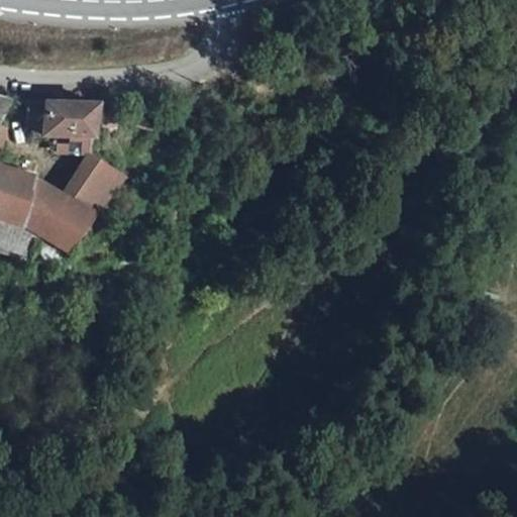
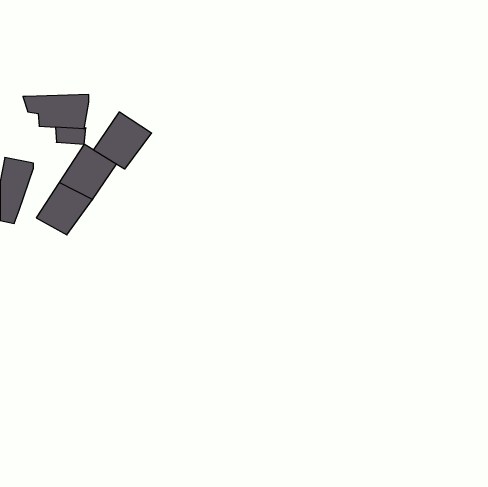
building: none -> [94,112,152,169]
building: [20,178,63,230] -> none

